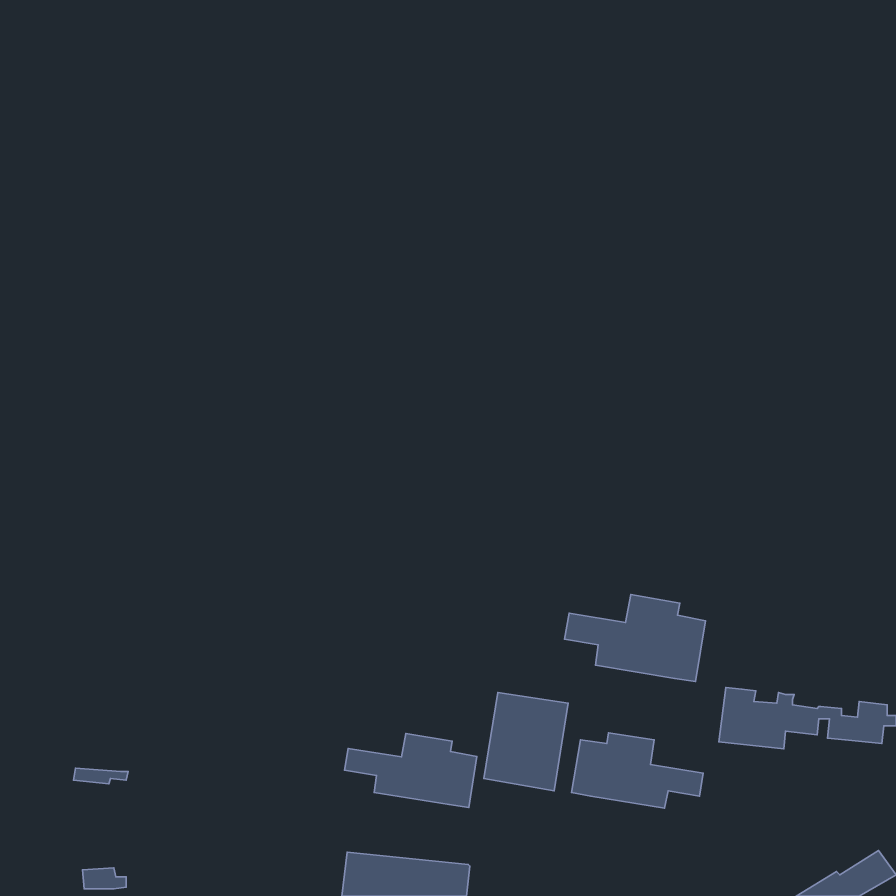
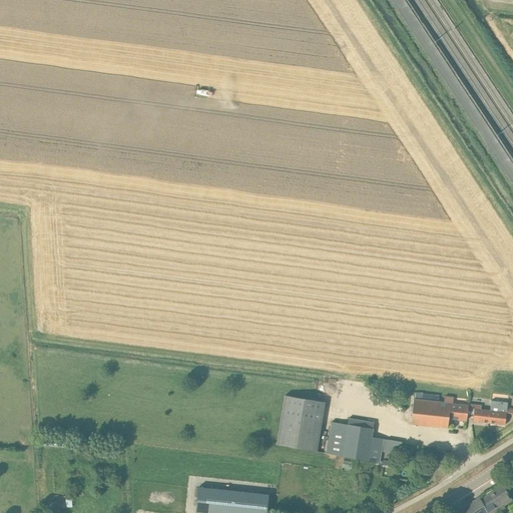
building: [564,594,706,681] -> none
building: [344,733,477,807] -> none

